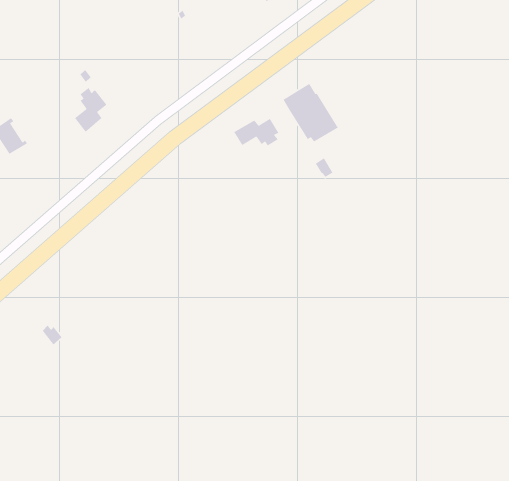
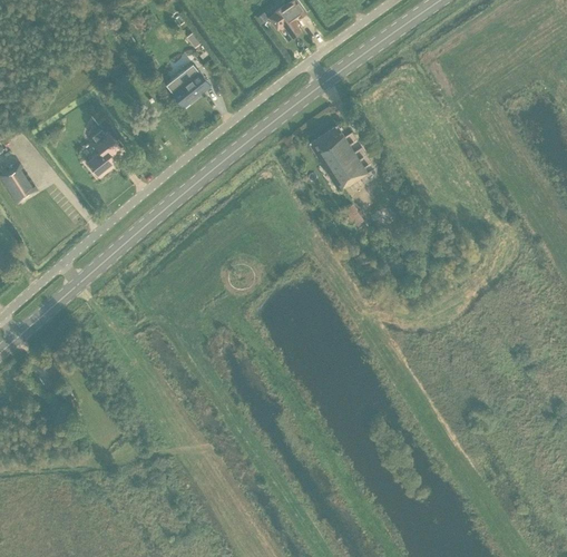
building: none -> [165,61,209,105]
building: [233,118,279,147] -> none

